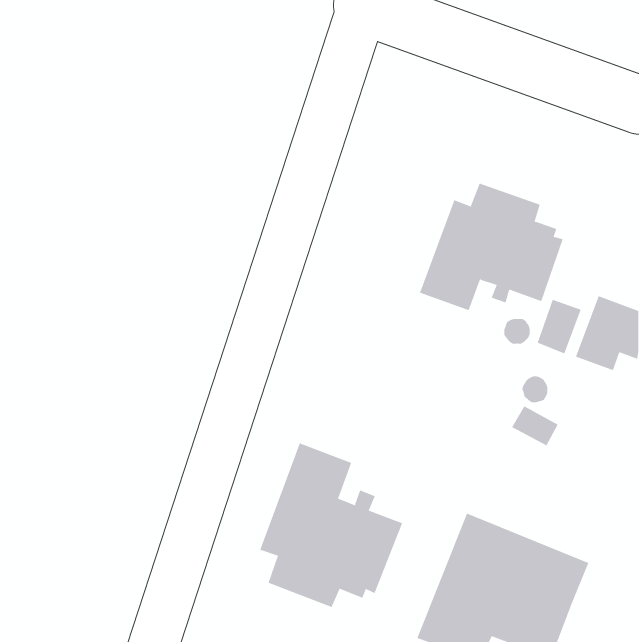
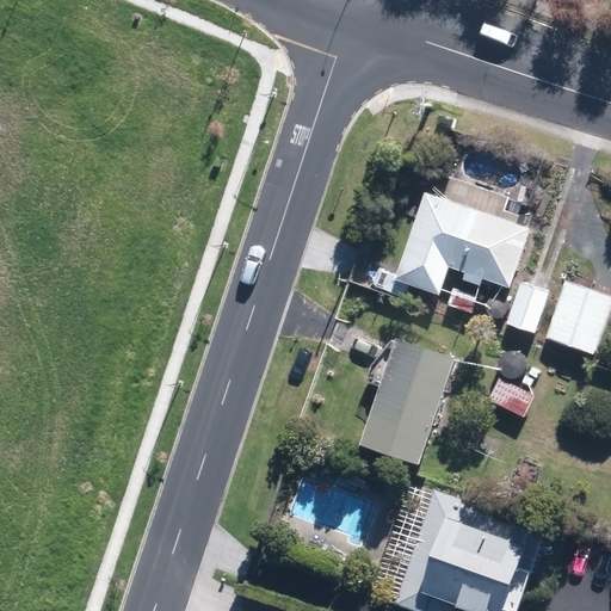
building: none -> [362,338,459,465]
building: [260,443,403,608] -> none

